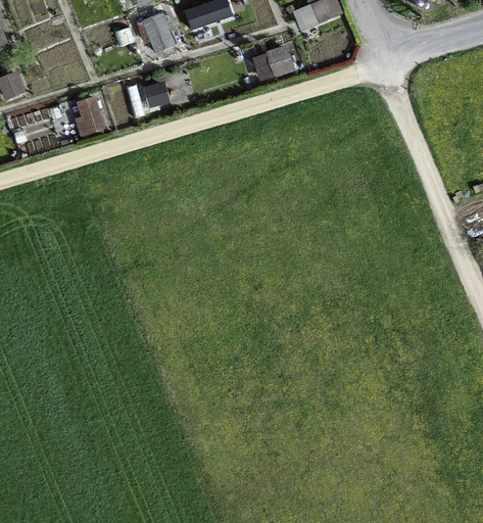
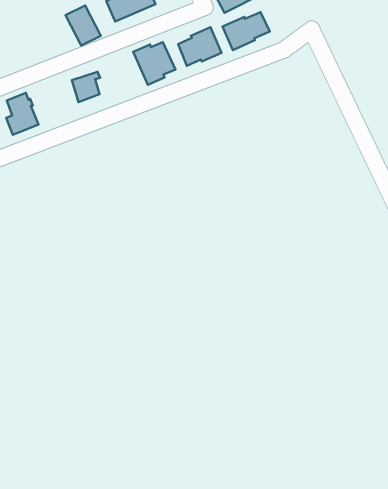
building: none -> [222,12,270,50]
building: none -> [133,42,175,85]

